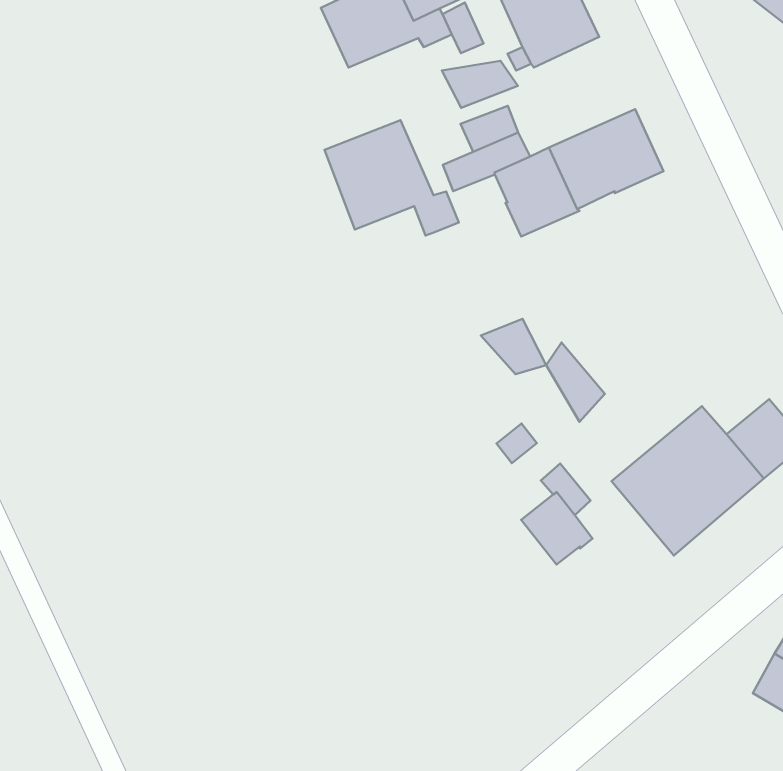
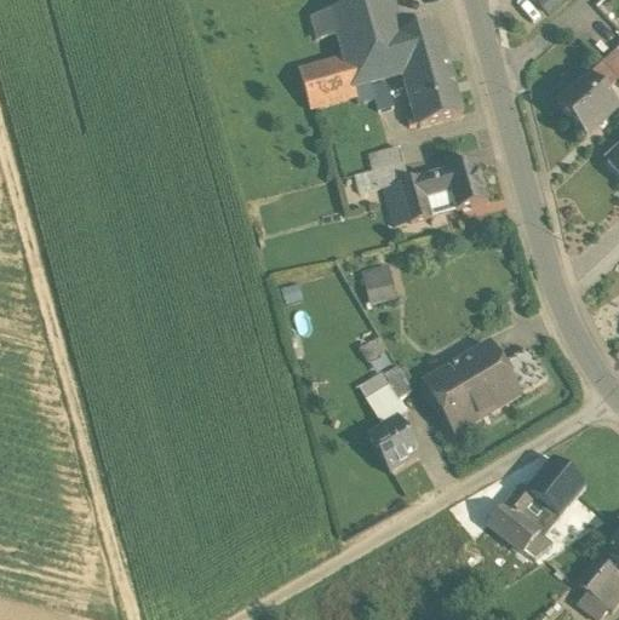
building: [442,61,518,108] -> none
building: [324,120,459,235] -> none
building: [546,342,605,422] -> none
building: none -> [369,417,417,470]

